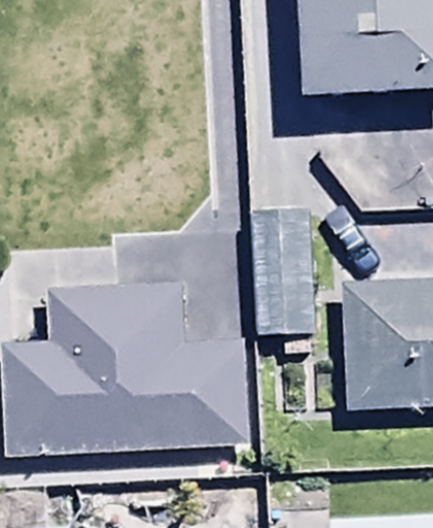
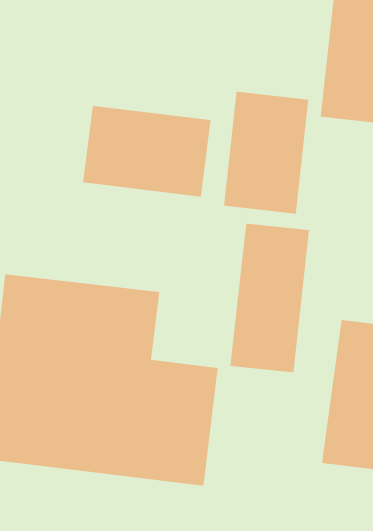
building: none -> [223,91,309,214]
building: none -> [83,105,211,197]

